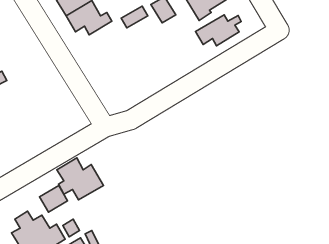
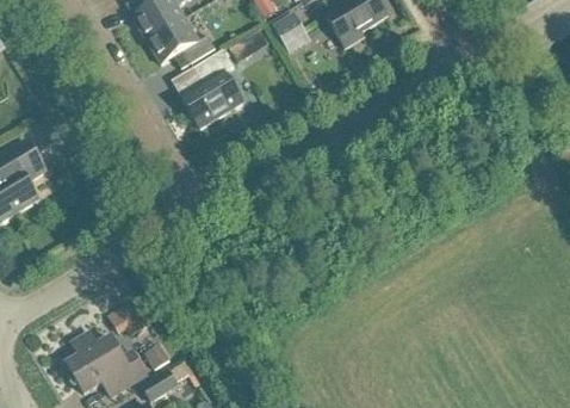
building: [196,15,241,46] -> none
building: none -> [181,48,242,126]
building: [57,158,103,200] -> none

